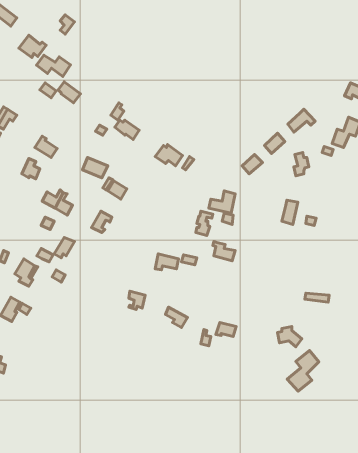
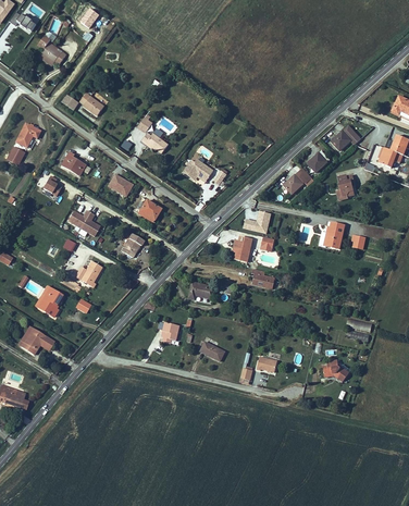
building: [36,55,70,76] -> none
building: [287,350,319,391] -> none

